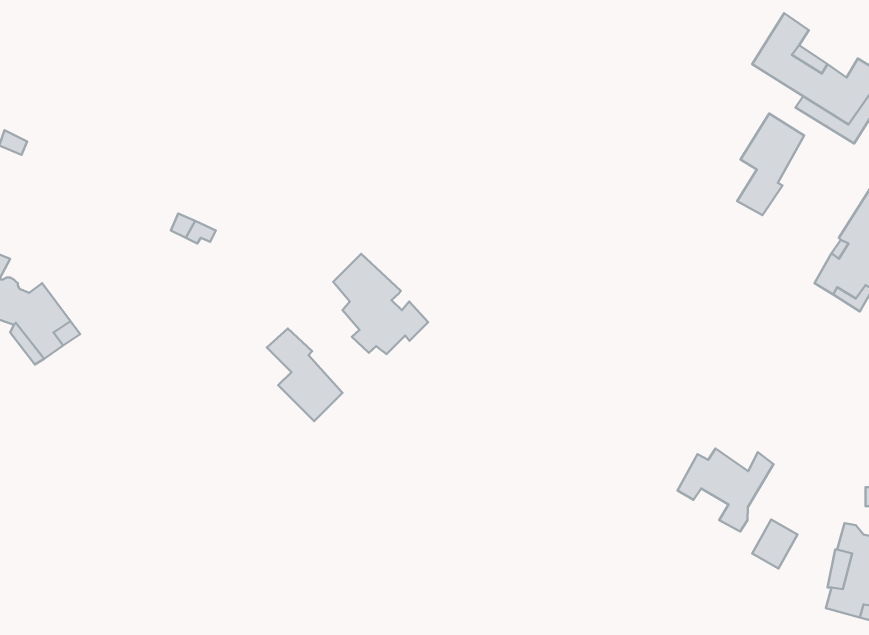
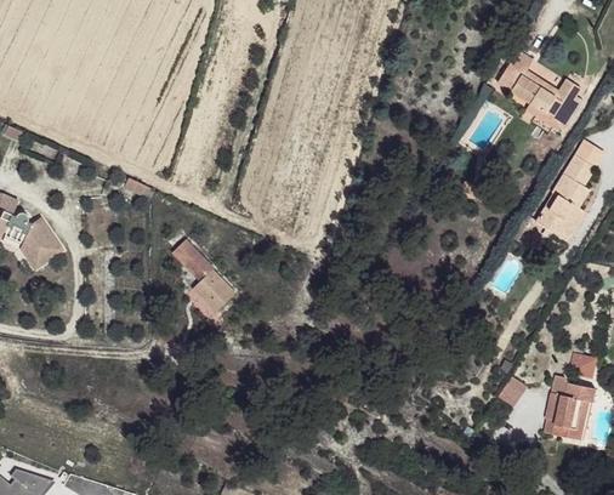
building: [737,113,804,215] -> none
building: [333,254,428,354] -> none
building: [678,449,774,531] -> none

